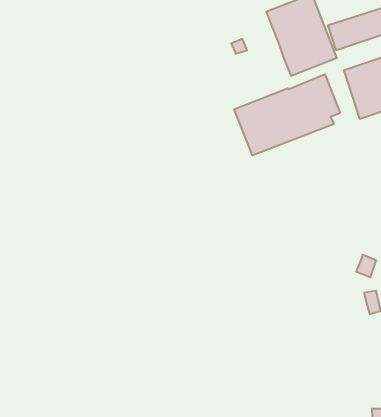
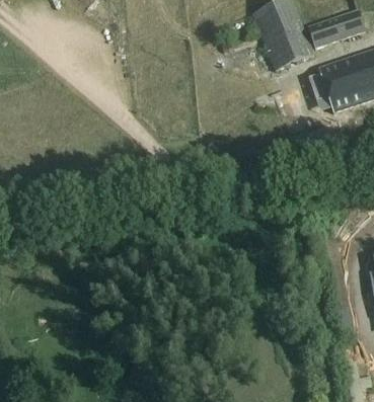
building: [234,74,340,155] -> none

